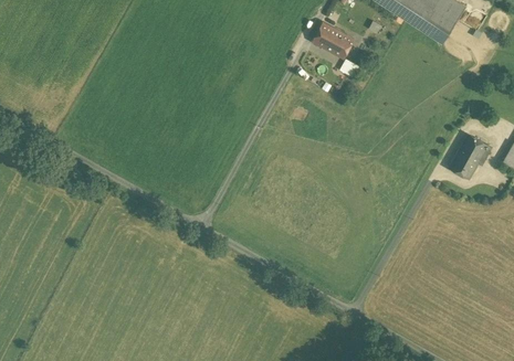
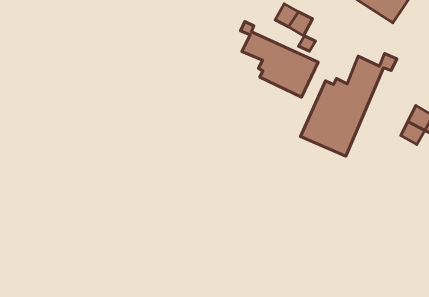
building: none -> [240,21,318,97]
building: none -> [300,53,397,156]

